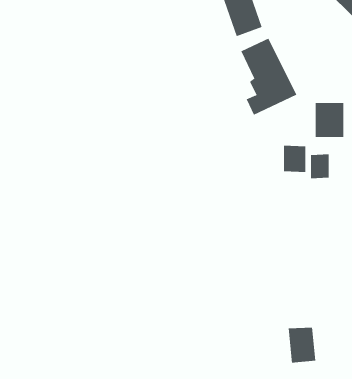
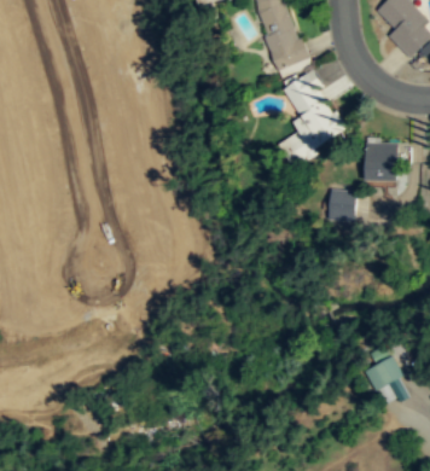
building: [310,154,329,179] -> none
building: [288,327,316,363] -> [367,348,399,388]

